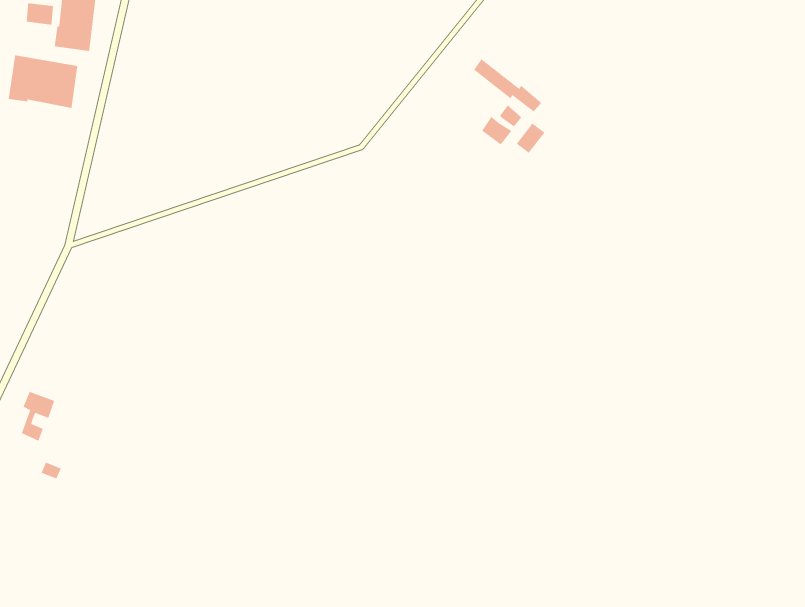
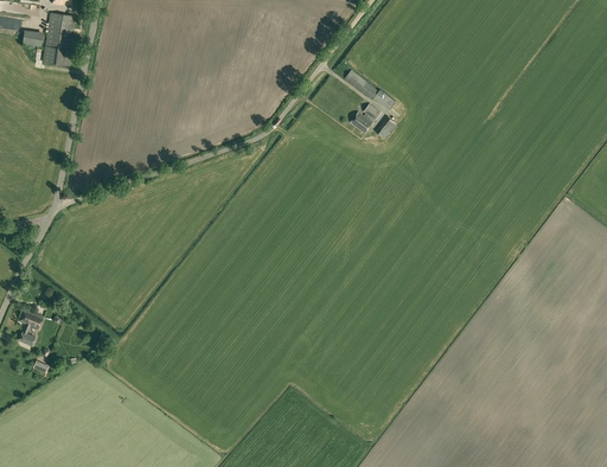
building: [8,54,78,109] -> none

